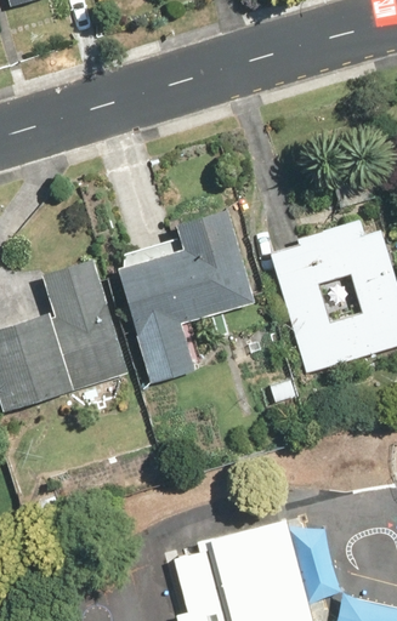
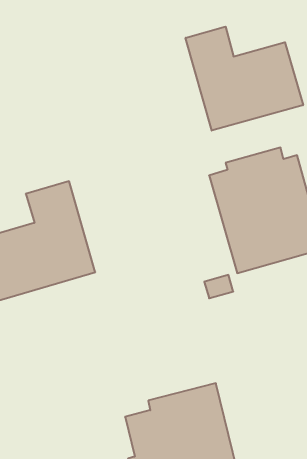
building: none -> [186,27,303,131]
building: [118,207,256,383] -> none

